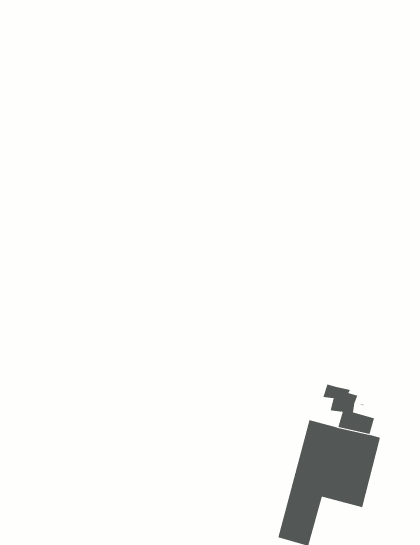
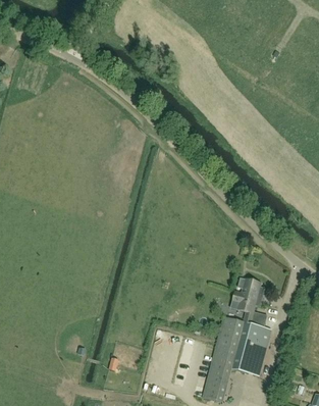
building: none -> [237,276,264,305]

